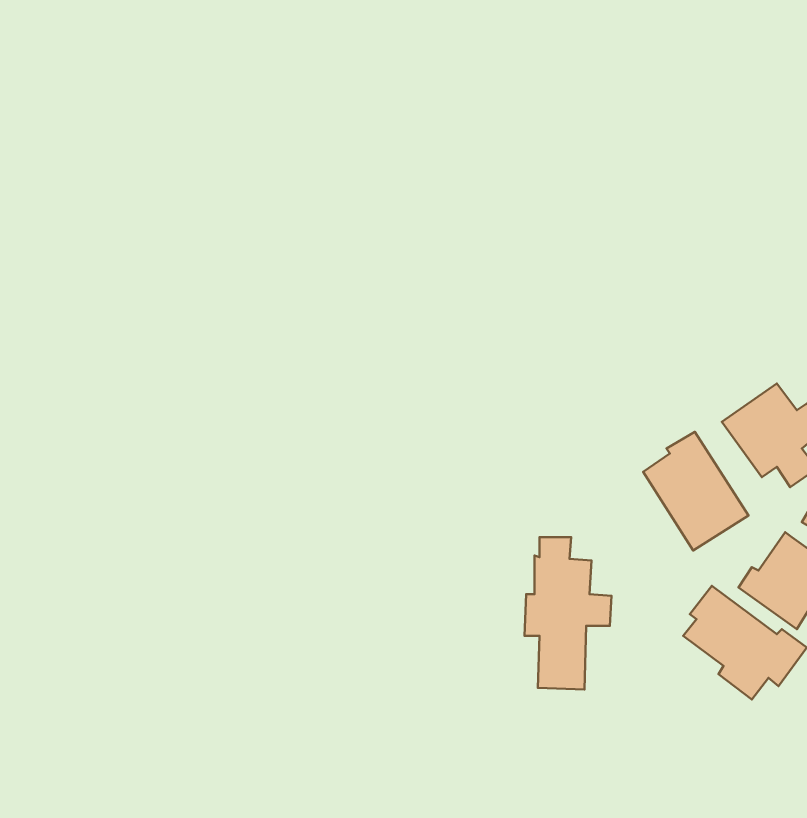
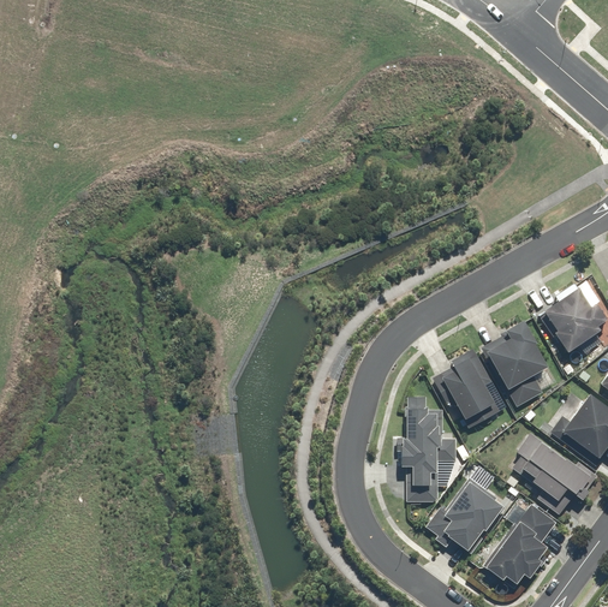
building: none -> [433,349,505,429]
building: none -> [427,477,507,558]
building: none -> [485,501,558,587]

